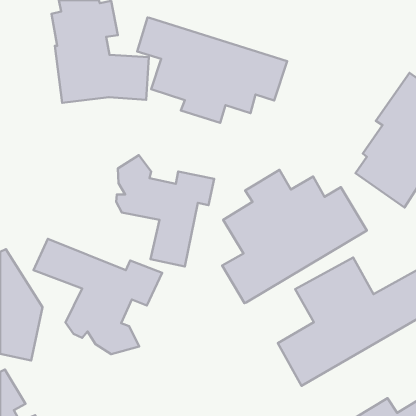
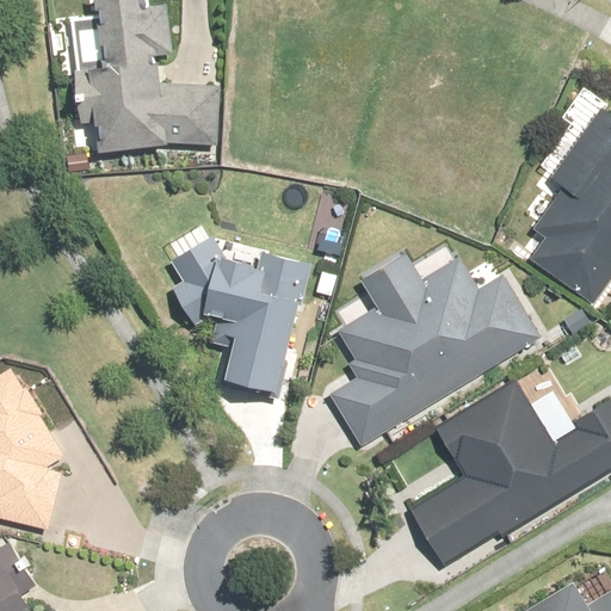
building: [137,17,287,123] -> none
building: [34,239,162,354] -> none

